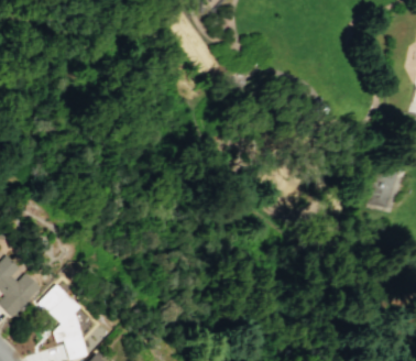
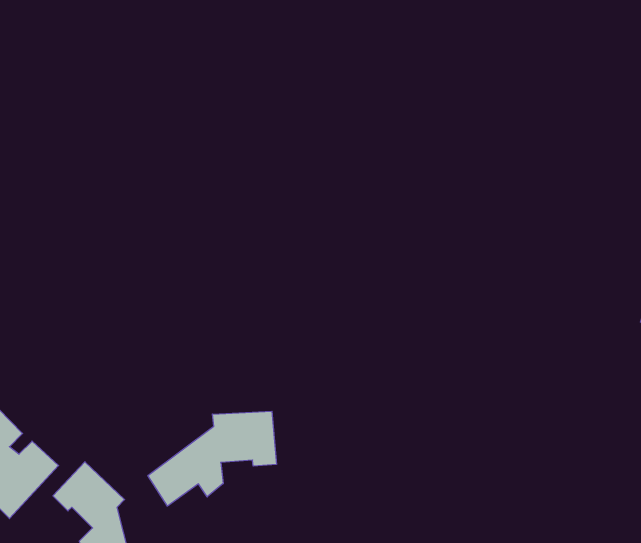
building: none -> [148,411,276,506]

